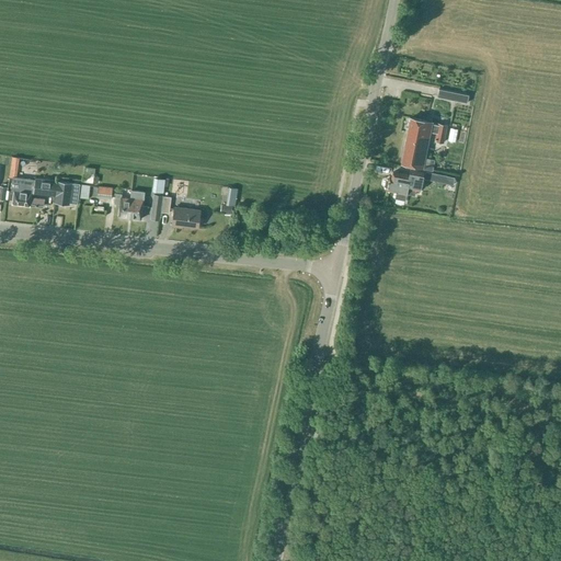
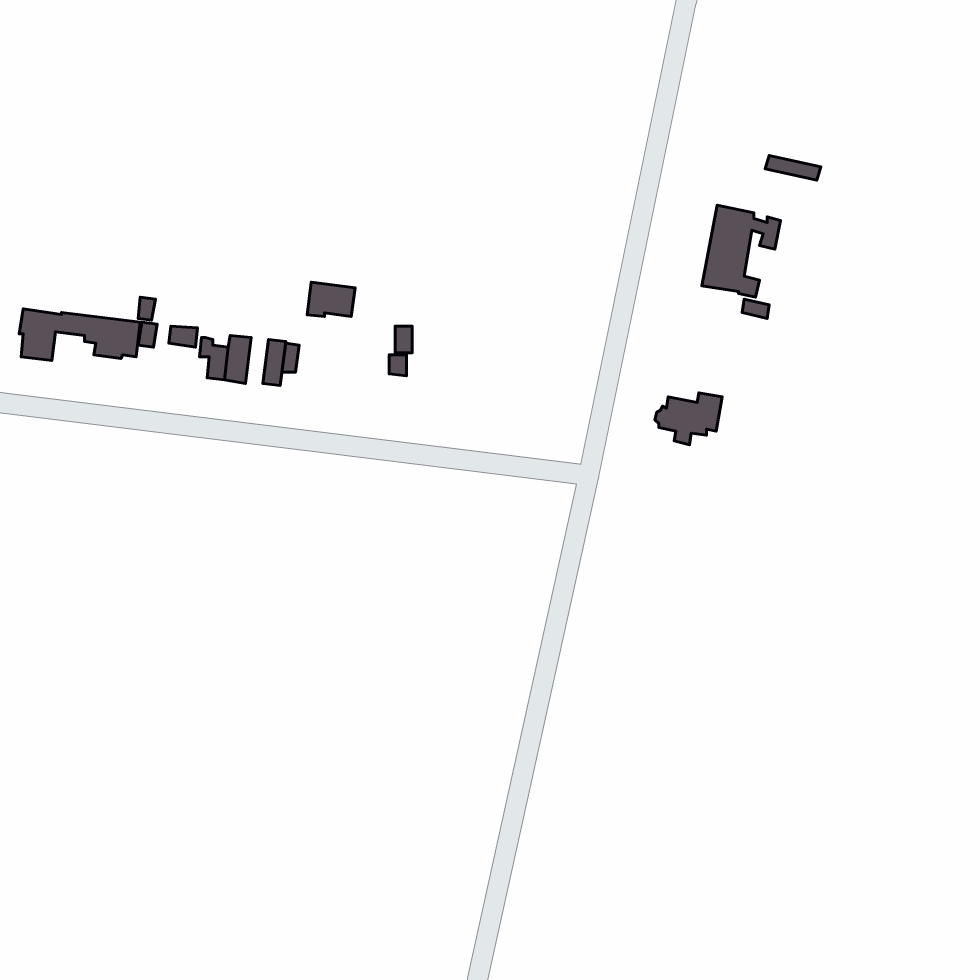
building: [385,170,423,199] -> [655,393,722,445]
building: [172,207,199,227] -> [307,282,355,317]

